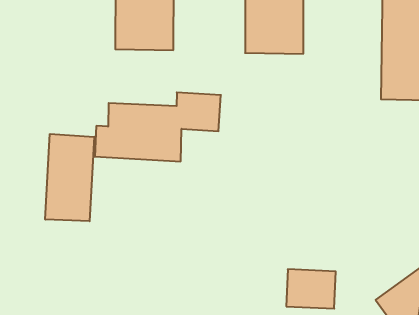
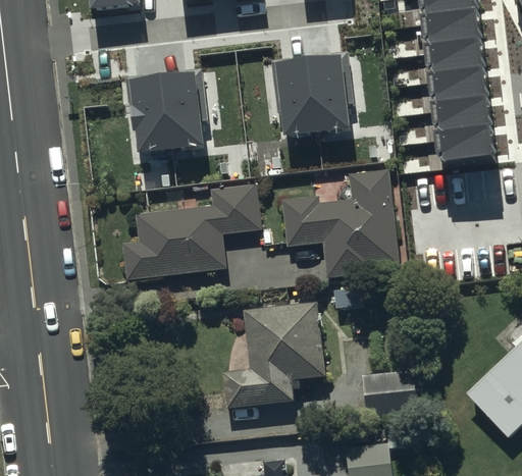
building: none -> [283,176,401,278]
building: [45,134,94,221] -> none
building: none -> [225,303,328,407]

